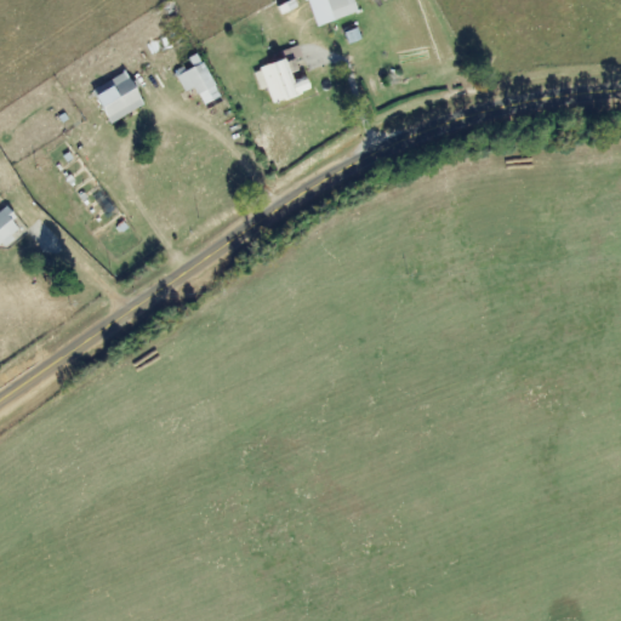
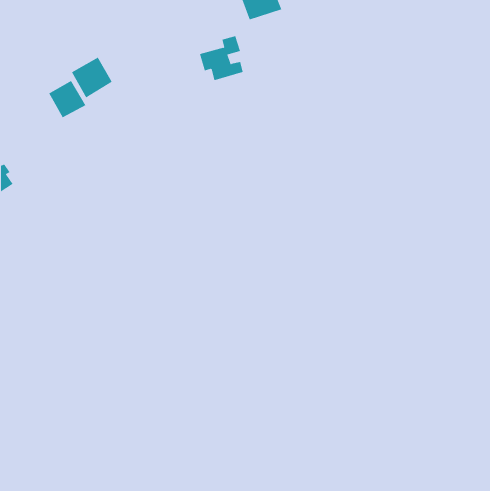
building: [177,52,218,104] -> none
building: none -> [49,80,86,118]

